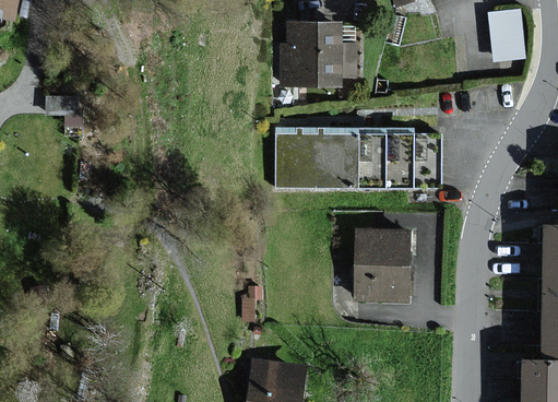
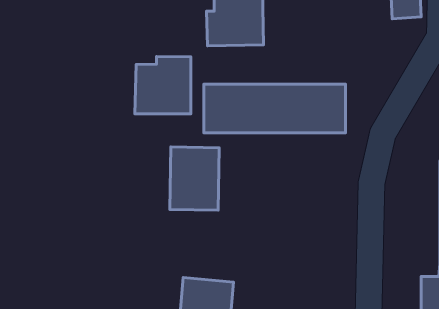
building: none -> [135,57,191,114]
building: [352,228,409,303] -> [170,147,219,210]

